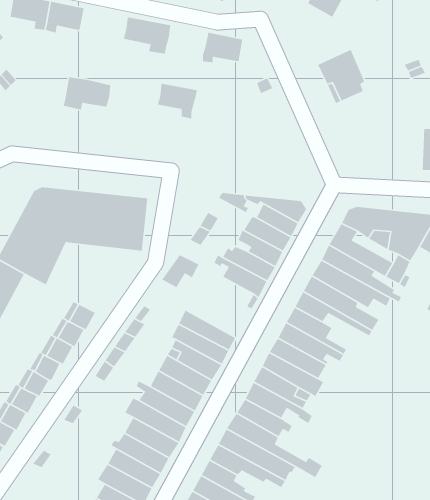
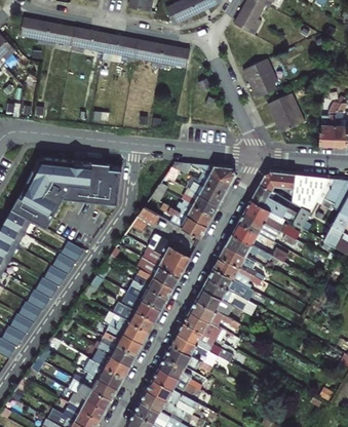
building: [63,76,111,110] -> [71,28,106,52]
building: [157,83,198,120] -> [134,40,164,67]
building: none -> [268,92,305,131]
building: none -> [155,237,191,267]

